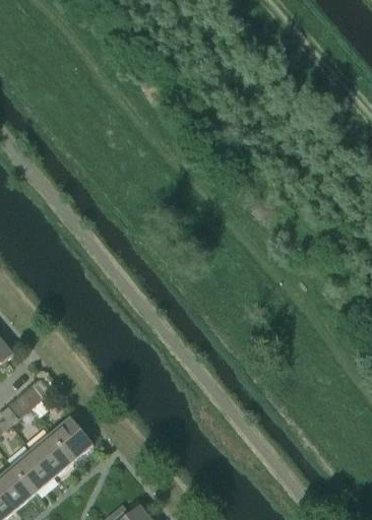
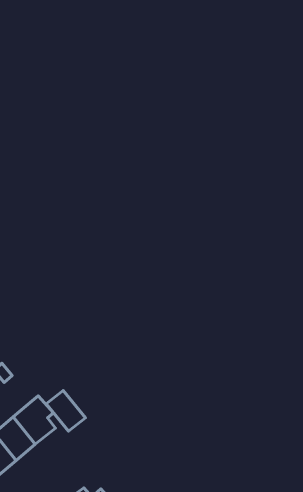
building: none -> [46,390,85,431]

